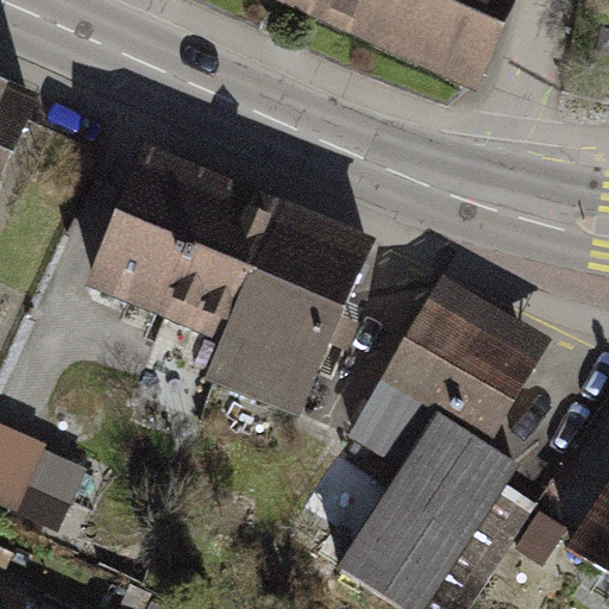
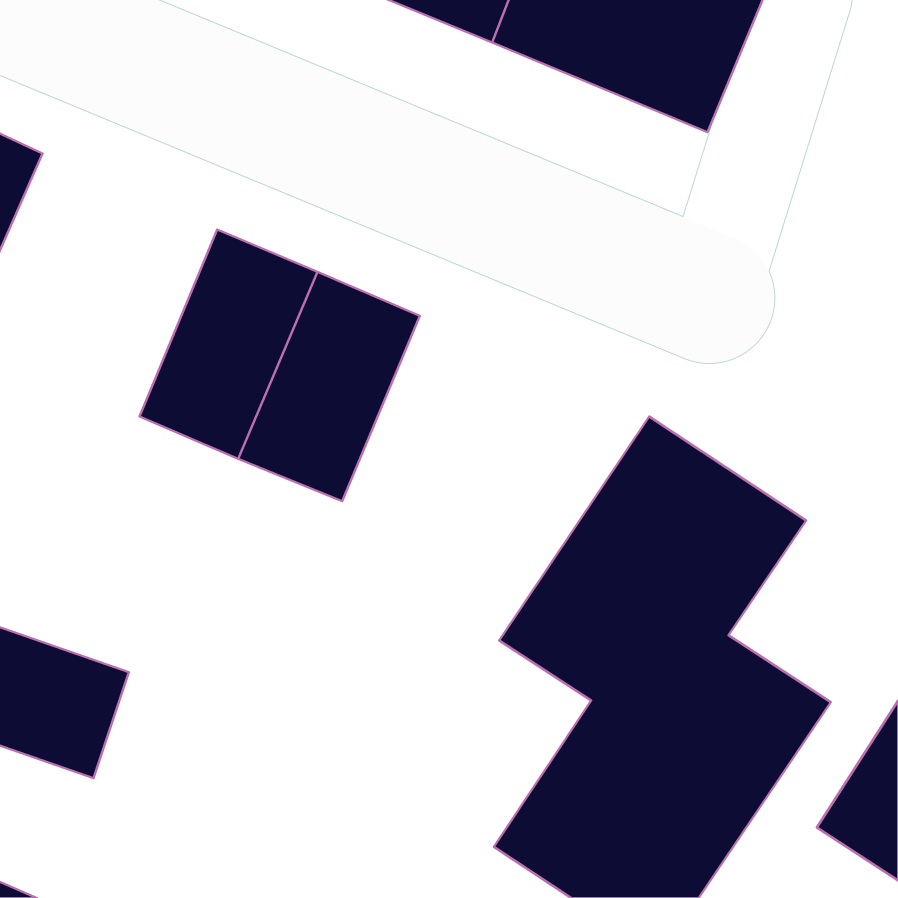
building: [230,213,368,409] -> none

